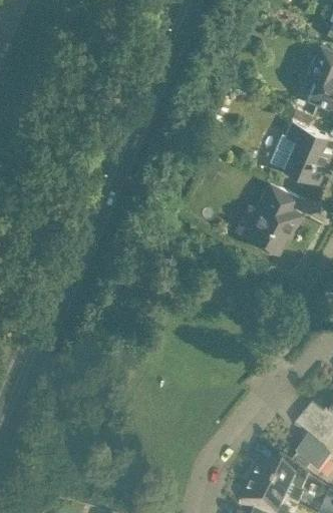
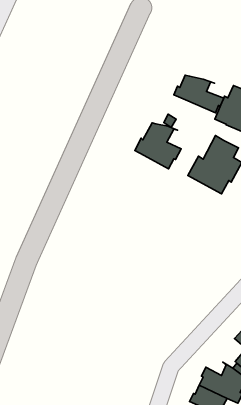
building: none -> [174,75,224,113]
building: none -> [135,123,181,169]

